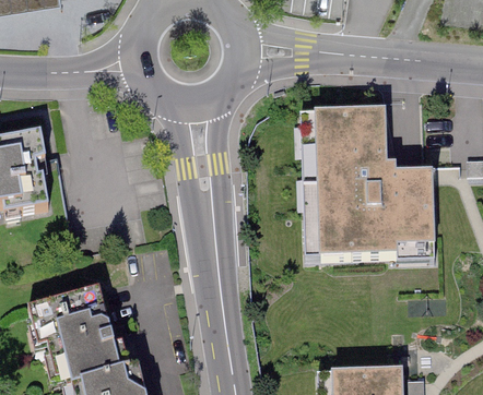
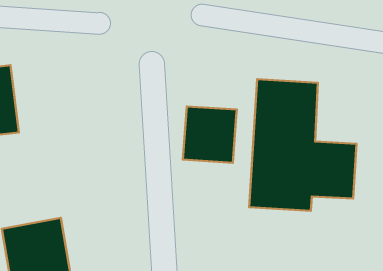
building: none -> [183,106,237,163]

